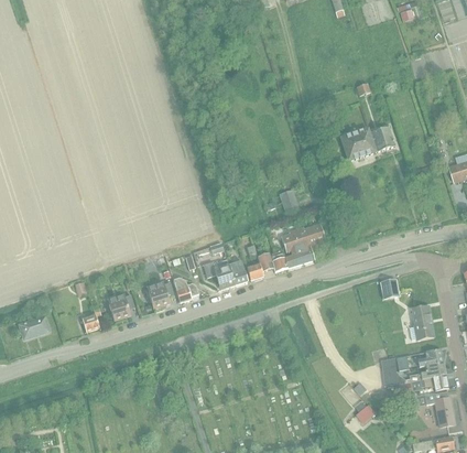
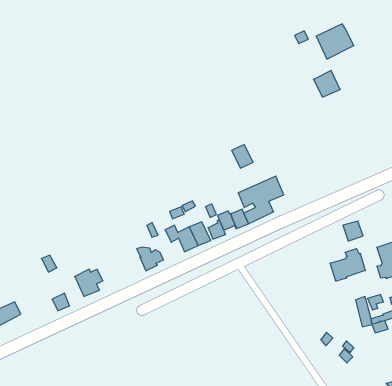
building: [339,128,376,161] -> [316,24,354,59]
building: [145,281,173,308] -> none
building: none -> [330,249,365,281]

